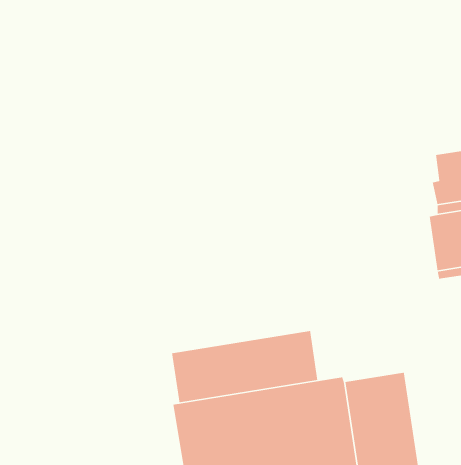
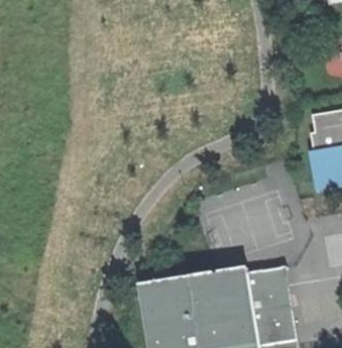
building: [171,330,318,403] -> none

